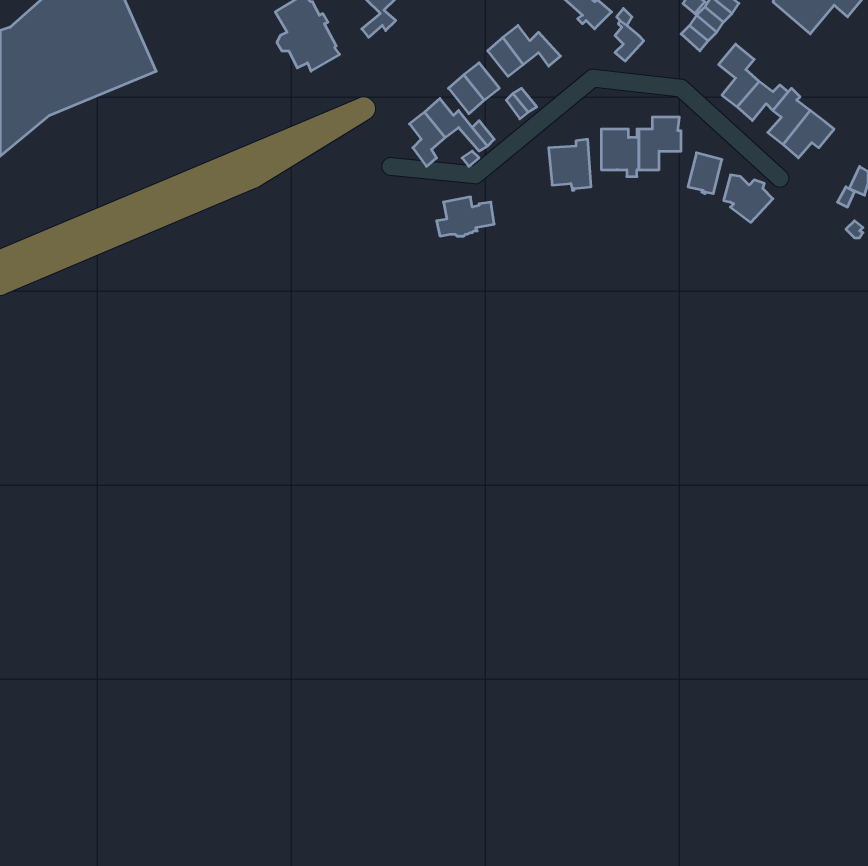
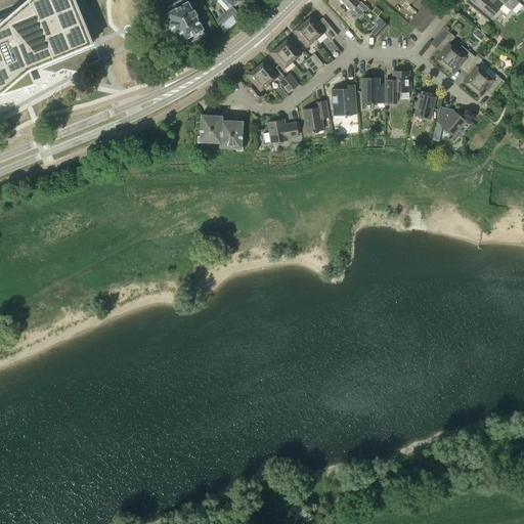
building: none -> [303,100,328,131]
building: none -> [200,114,243,147]

